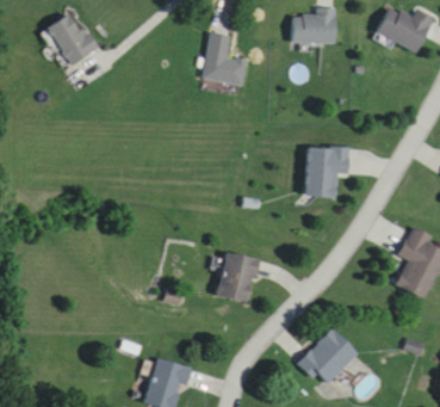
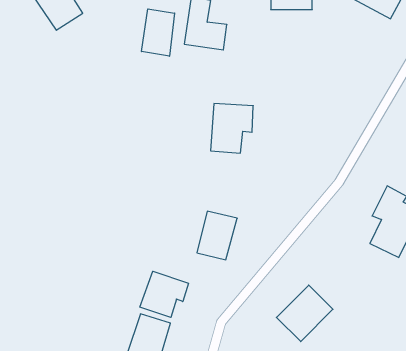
building: none -> [142,9,175,56]
building: [304,146,348,197] -> [211,104,253,153]
building: none -> [140,271,188,317]

